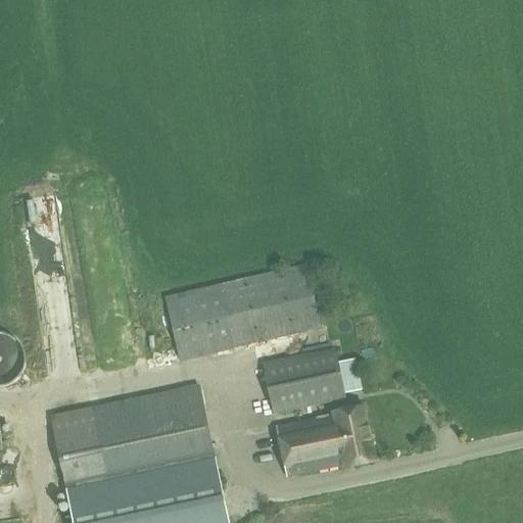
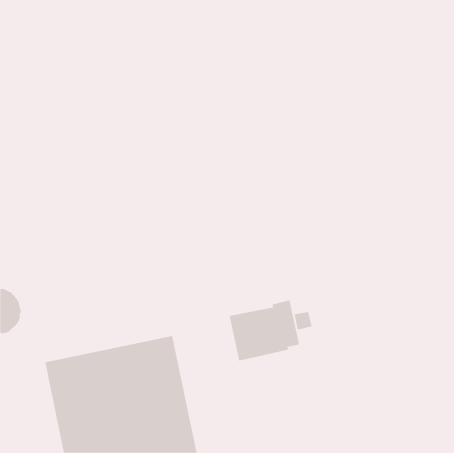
building: [165,265,320,359] -> none
building: [276,405,374,475] -> none

